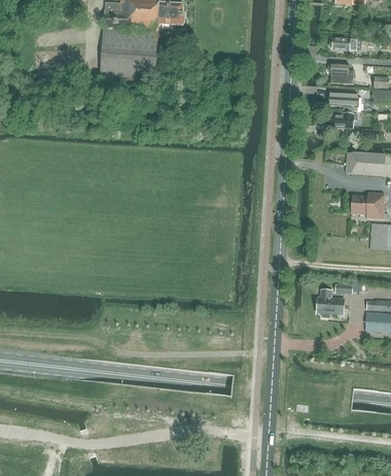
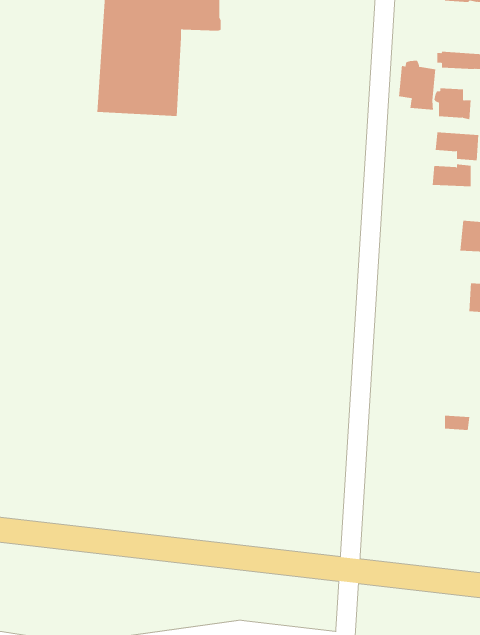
building: none -> [399,60,436,110]
building: [316,290,344,318] -> none

